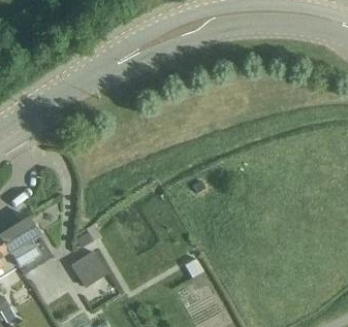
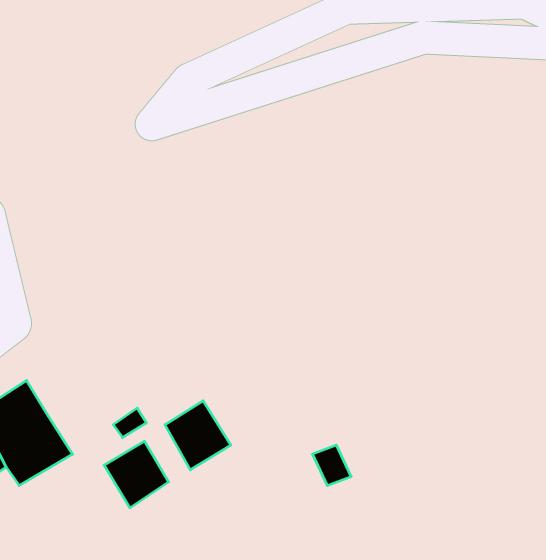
building: none -> [165,401,231,470]

